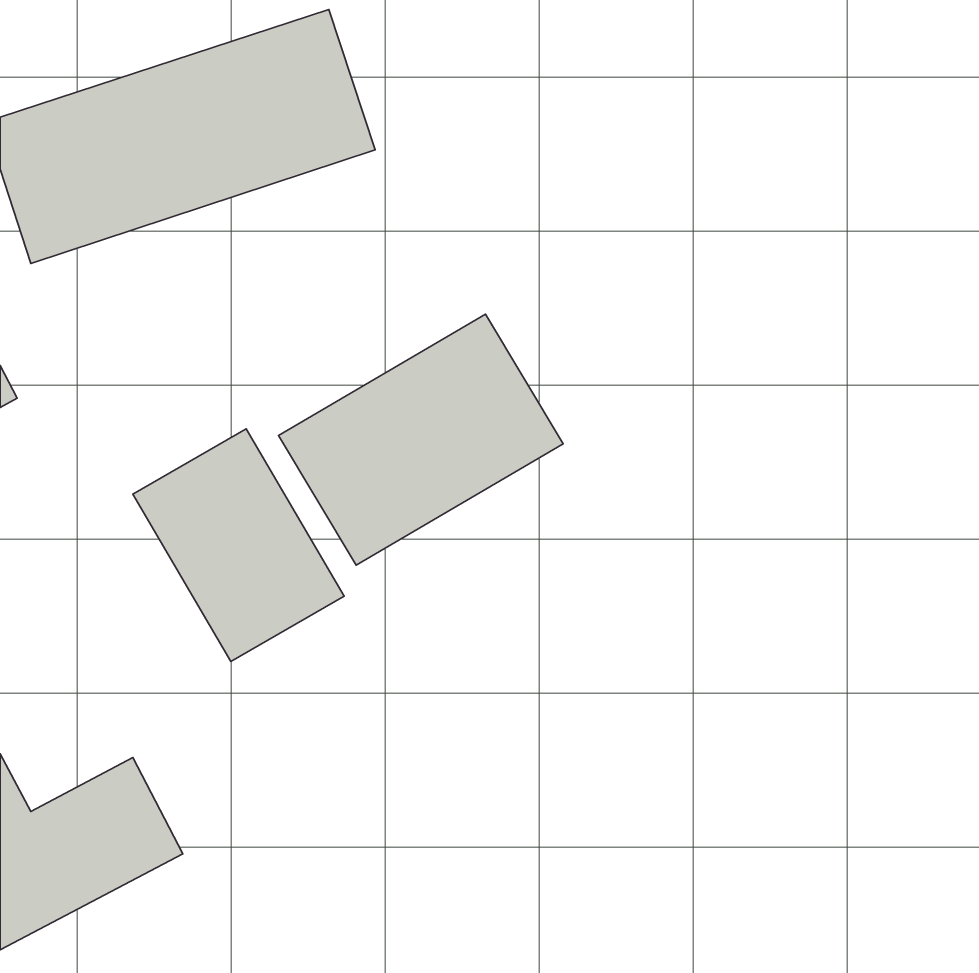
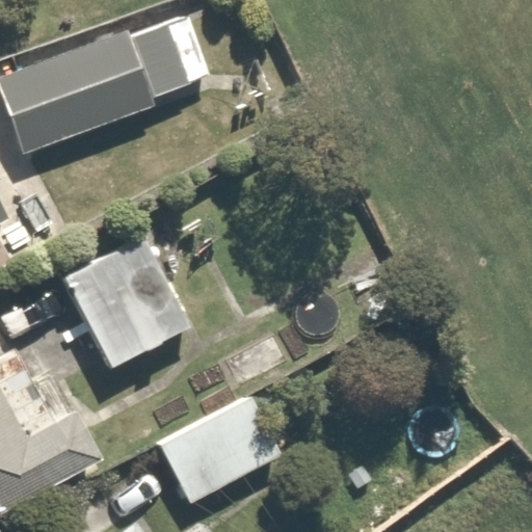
building: [279,314,563,565] -> none
building: none -> [158,394,281,505]

